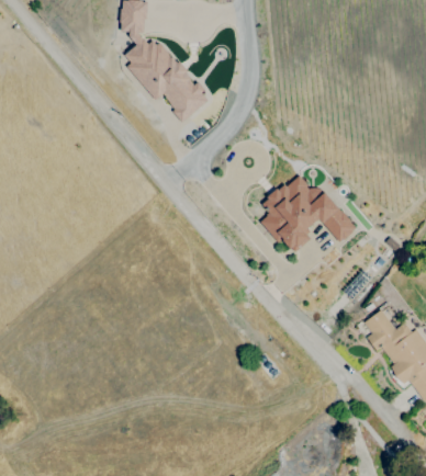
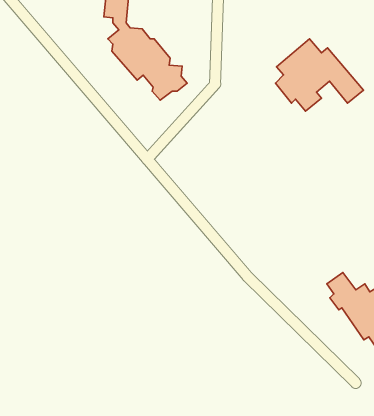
building: [260,173,357,252] -> [275,39,364,111]

